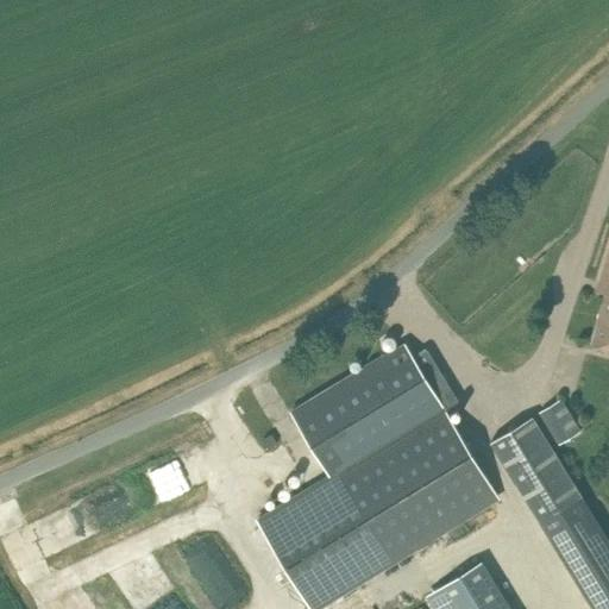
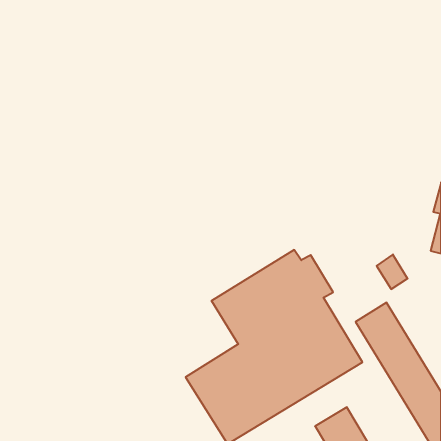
building: [538,398,580,446] -> [377,254,408,289]

